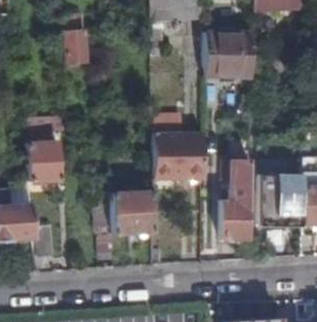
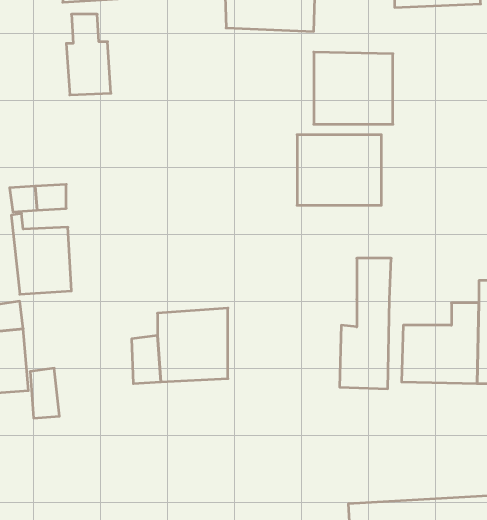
building: [154,136,204,178] -> [297,135,381,205]

